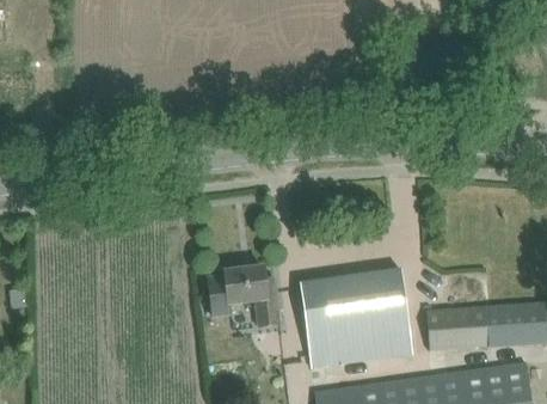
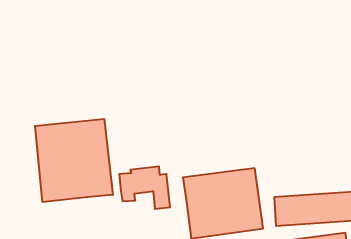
building: none -> [35,119,113,202]

